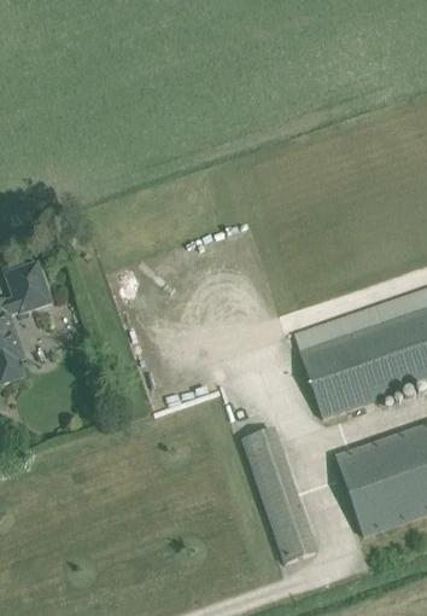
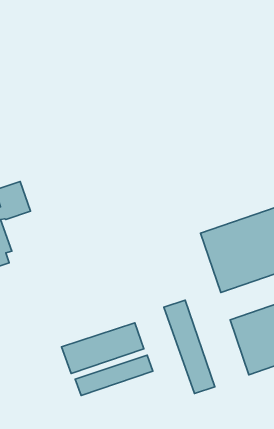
building: none -> [61,323,144,374]
building: none -> [75,355,153,396]

